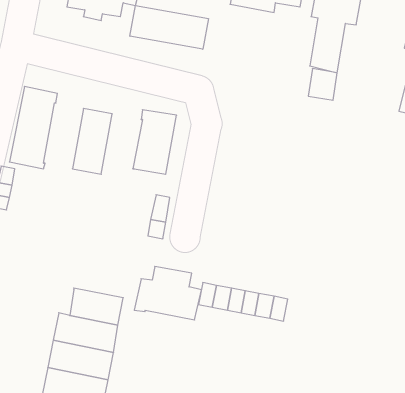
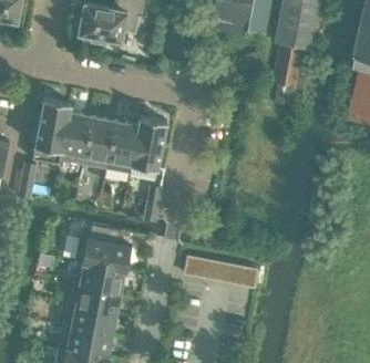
building: [130,6,208,49] -> none
building: none -> [60,111,92,164]
building: none -> [106,120,140,173]
building: [134,266,201,320] -> [75,225,130,268]

